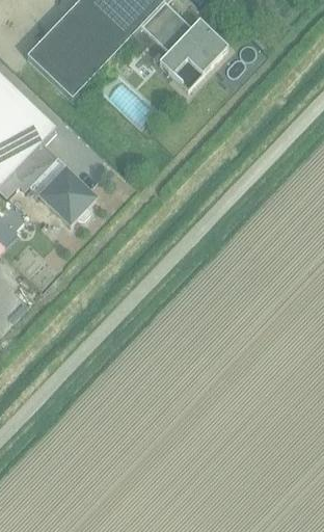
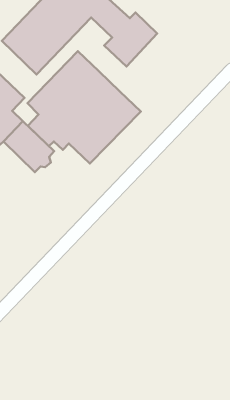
building: none -> [27,51,141,164]

